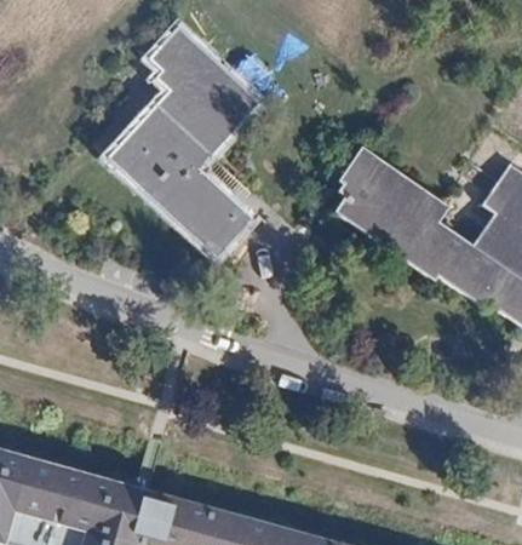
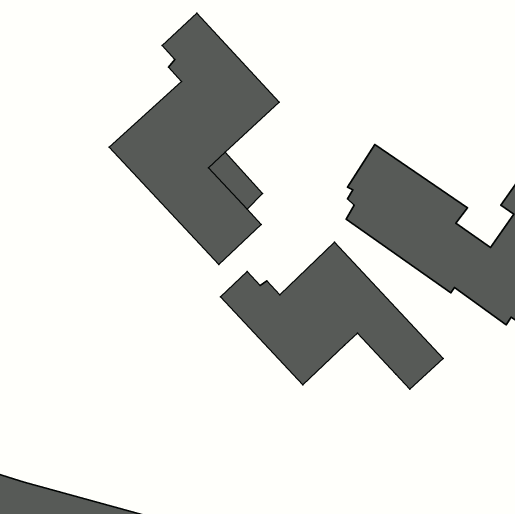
building: none -> [220,242,443,389]

